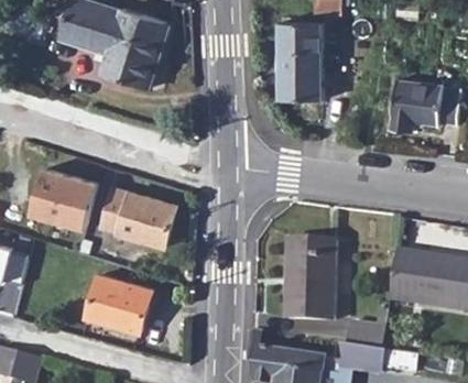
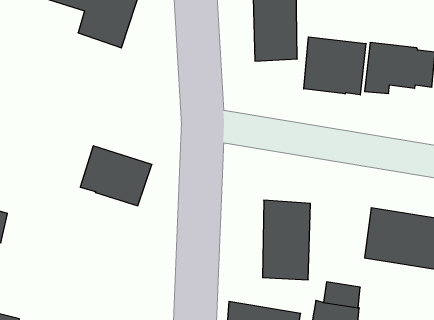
building: none -> [304,37,366,95]
building: [31,166,97,229] -> none
building: [85,274,151,333] -> none

